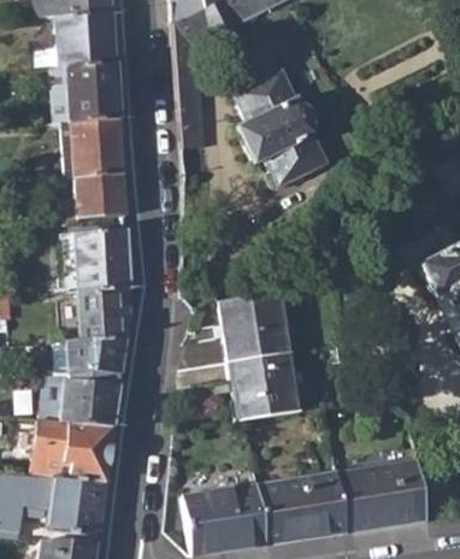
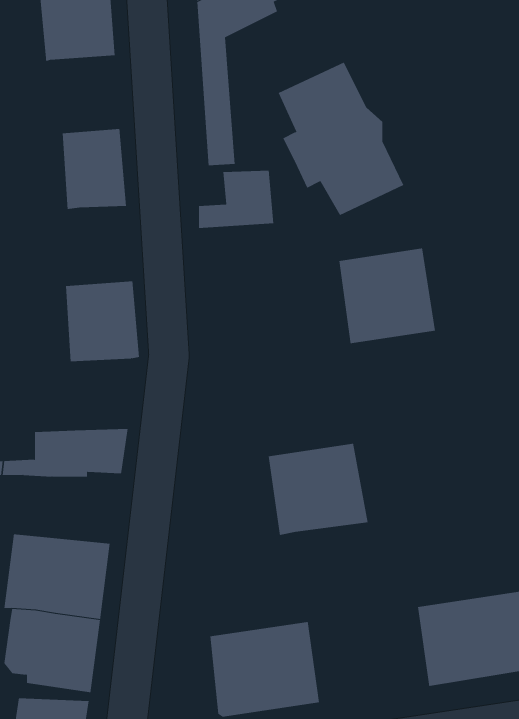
building: [66,64,118,123] -> none
building: [70,176,126,219] -> [198,170,274,228]
building: [81,289,129,342] -> none
building: [219,290,291,361] -> [339,248,436,344]
building: [39,373,118,426] -> none
building: [258,473,347,545] -> none

